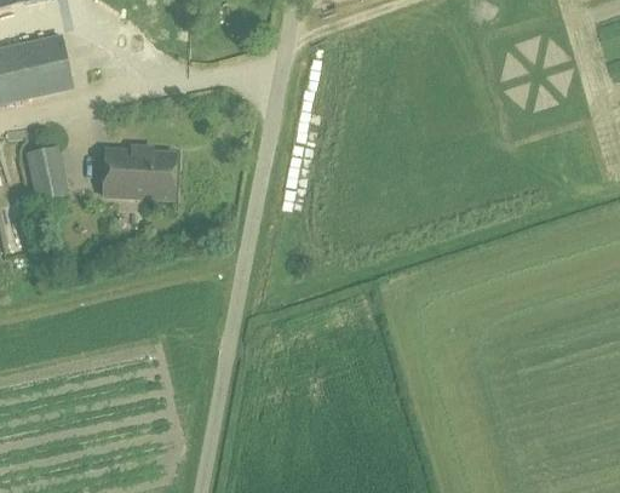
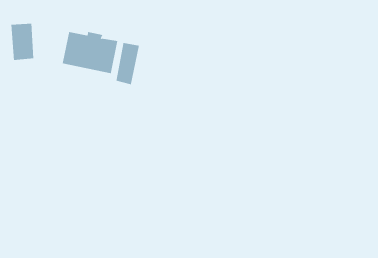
building: none -> [116,42,139,85]

